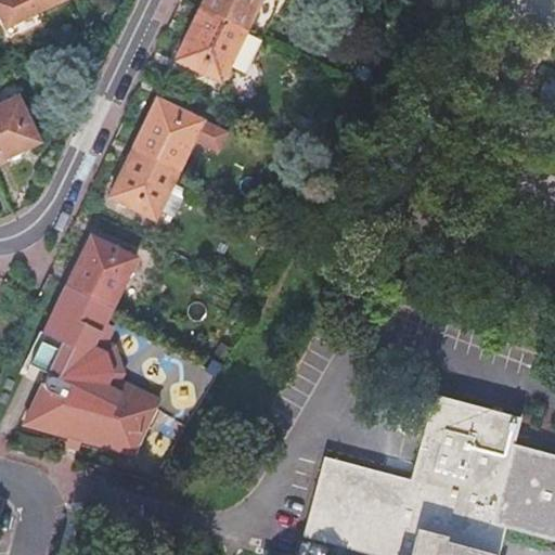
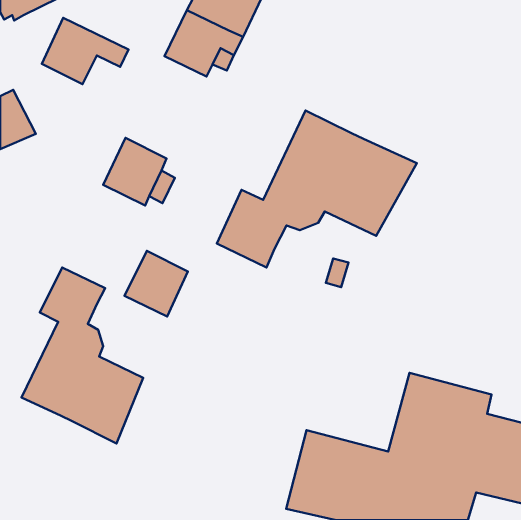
building: [134,98,227,168] -> [42,18,129,84]
building: none -> [217,110,417,268]
building: [67,236,134,306] -> [124,251,188,316]

